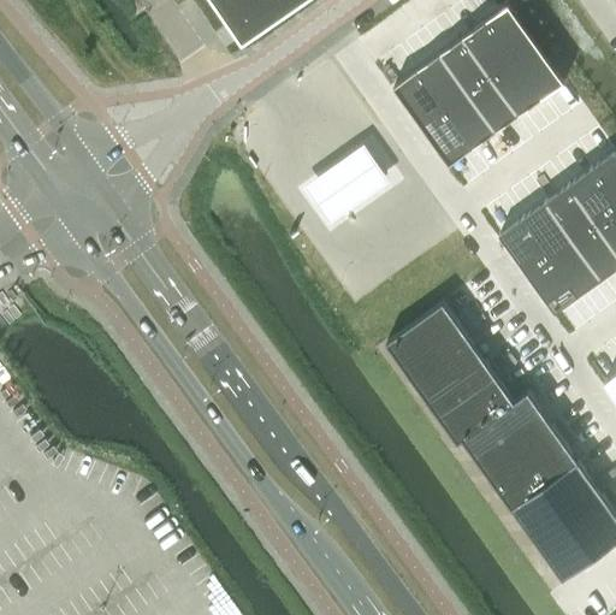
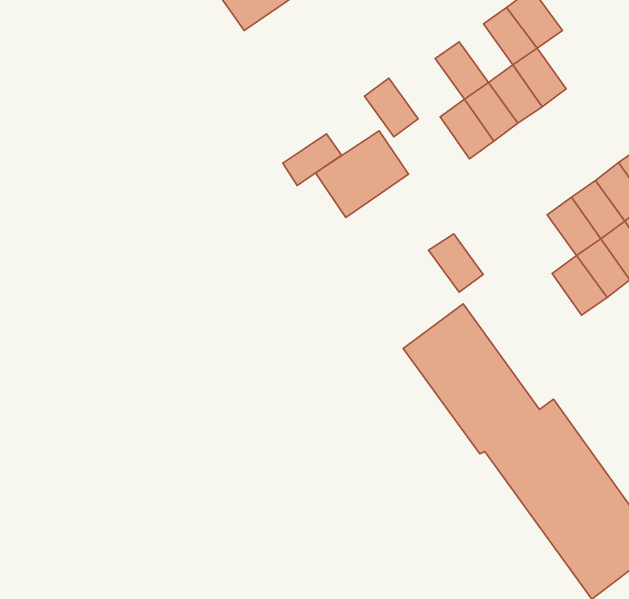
building: [439,40,490,95] -> none
building: [513,46,564,101] -> none
building: [393,72,444,128] -> [365,78,418,137]
building: none -> [283,134,341,185]
building: [498,220,550,276] -> [429,234,483,292]

